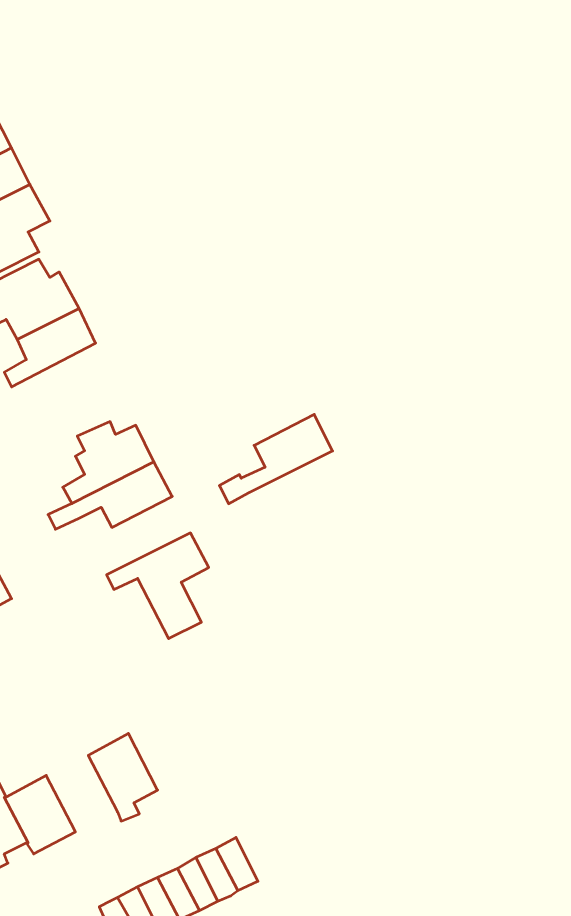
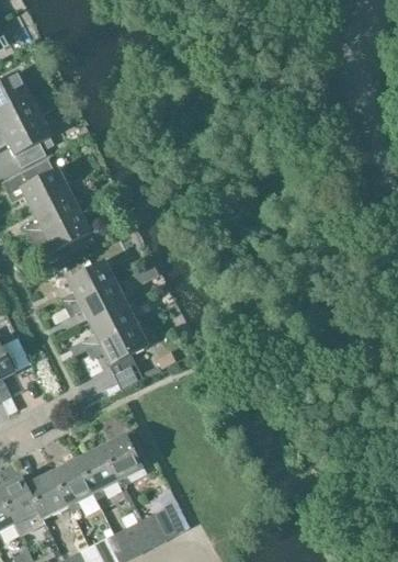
building: none -> [30,210,92,252]
building: [219,414,333,504] -> [69,302,137,356]
building: none -> [100,432,143,485]
building: none -> [50,458,93,510]

